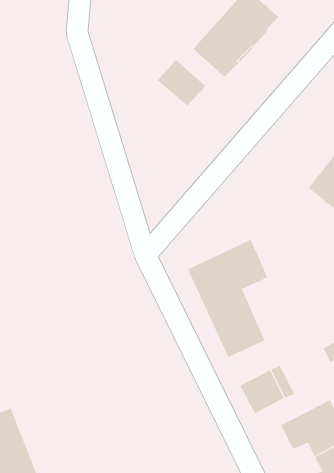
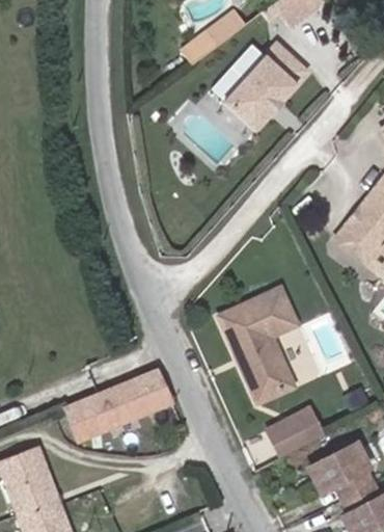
building: [157,59,206,107] -> none
building: none -> [75,369,180,437]

